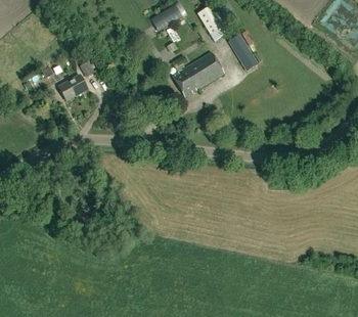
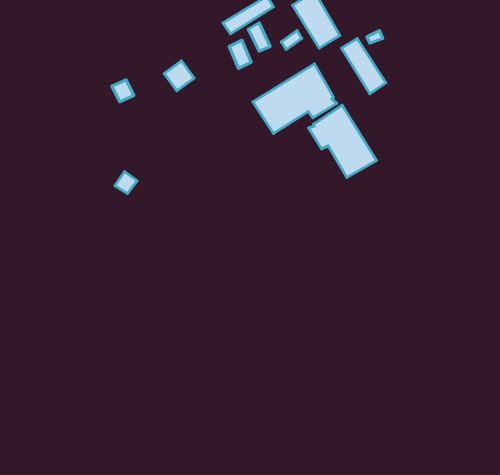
building: [57,74,86,99] -> none
building: none -> [308,105,376,178]

